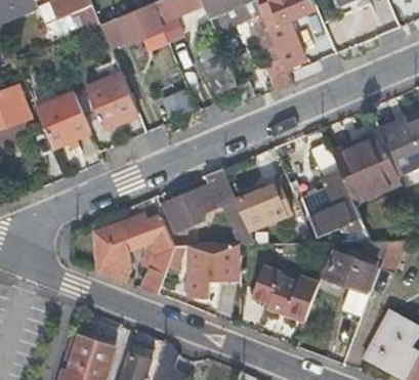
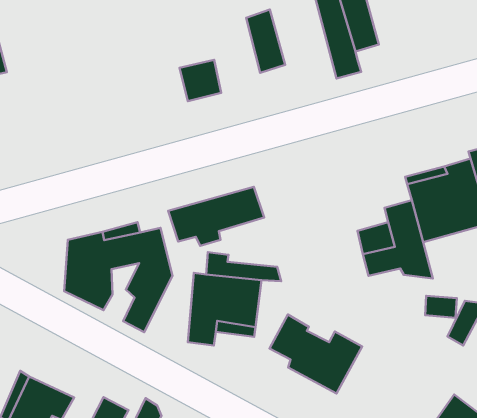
building: [86,74,139,128] -> none
building: [38,92,90,146] -> none
building: [236,182,289,230] -> none
building: [328,252,376,319] -> none

